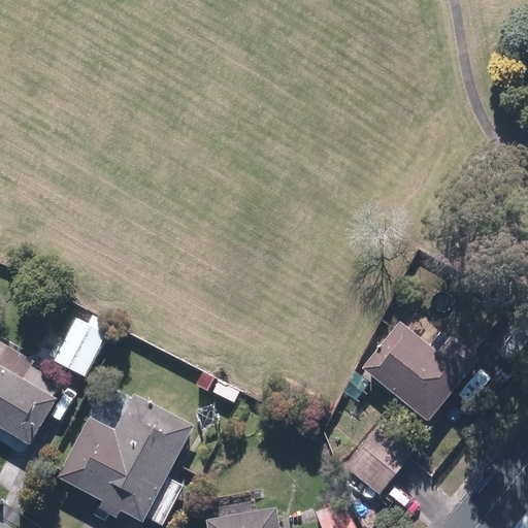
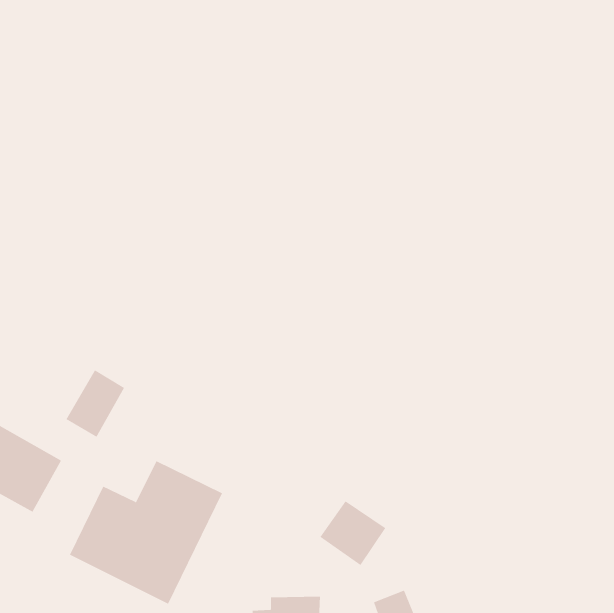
building: [366,326,470,418] -> none
building: [349,439,405,495] -> [320,500,386,566]

